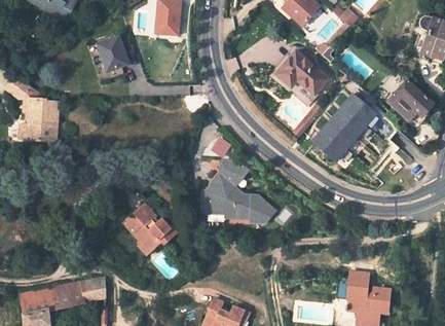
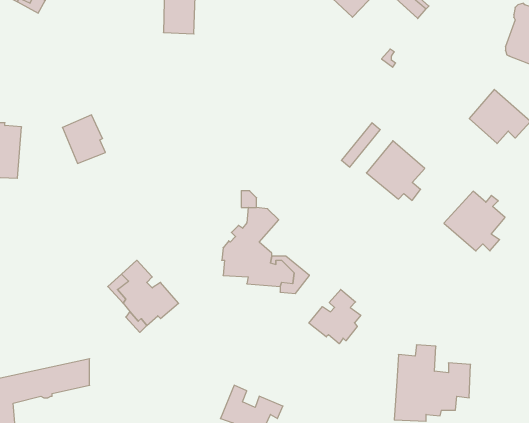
building: [97,40,128,76] -> [62,115,105,163]
building: [274,49,327,93] -> none
building: [331,92,376,136] -> [444,191,505,251]
building: none -> [309,289,361,344]

